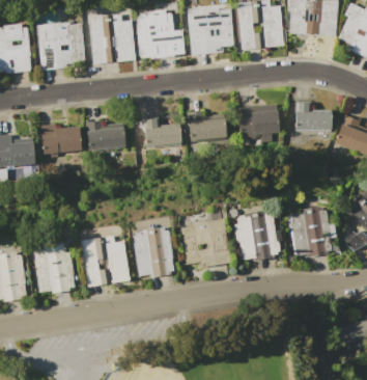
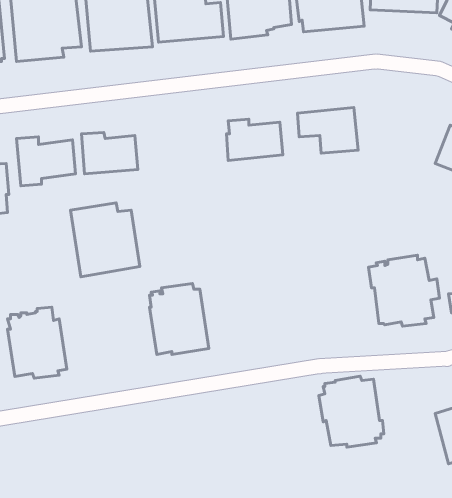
building: [295,102,332,130] -> none
building: [144,117,184,146] -> none
building: [234,211,280,261] -> [319,376,384,447]
building: [180,218,231,268] -> none
building: [81,236,130,288] -> [70,203,140,277]

